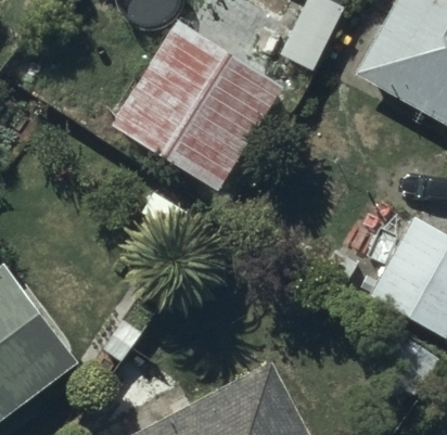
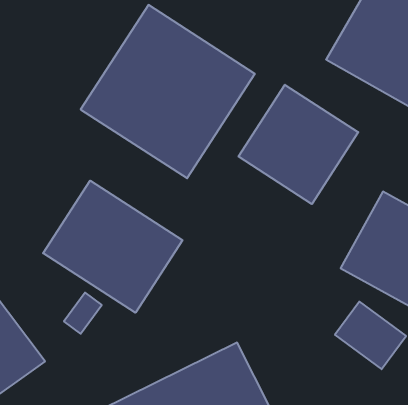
building: none -> [239,85,358,204]
building: none -> [43,181,182,313]

